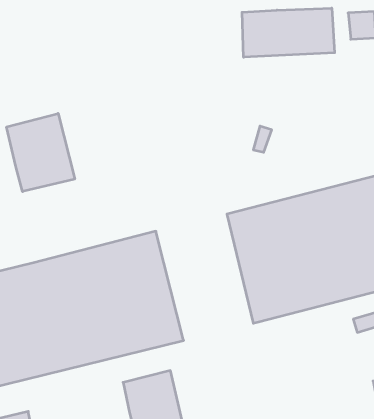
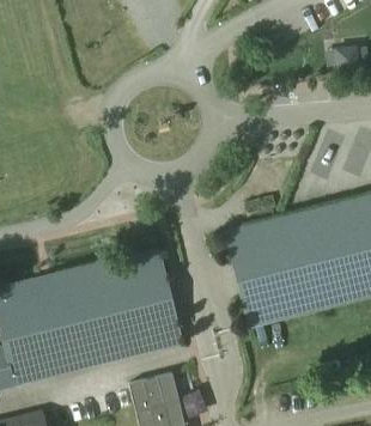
building: [242,8,335,57] -> none
building: [7,113,75,192] -> none

